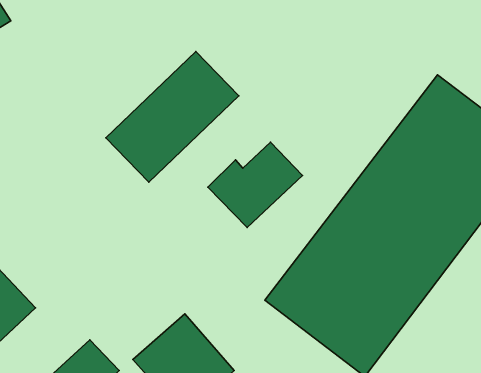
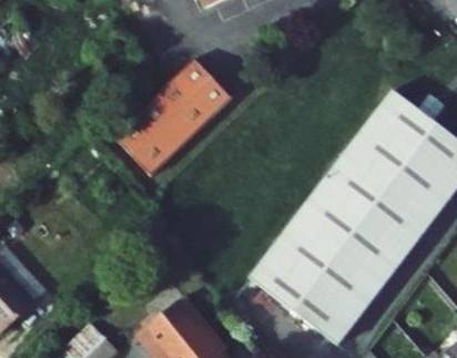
building: [208,142,302,227] -> none

